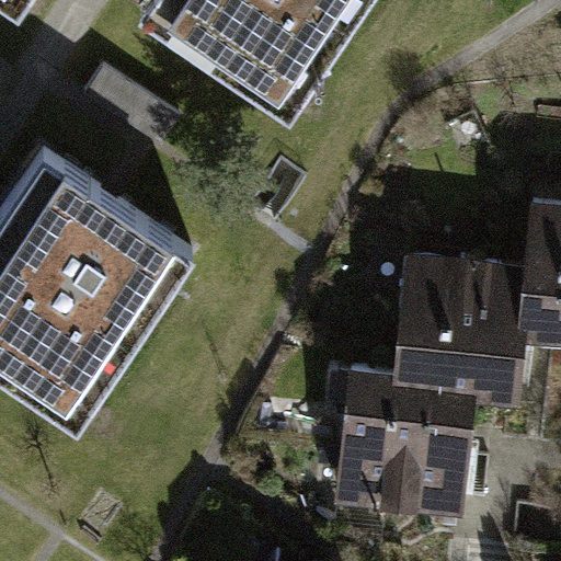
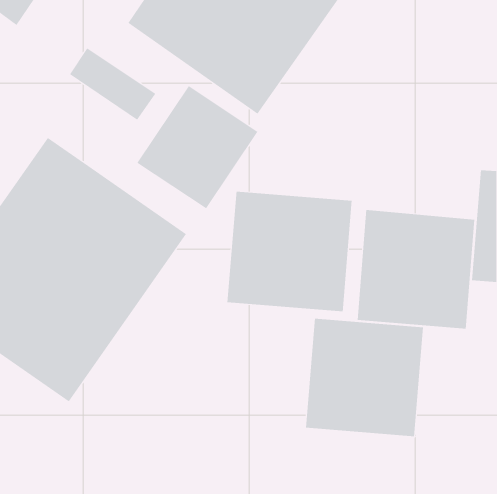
building: none -> [136,85,258,209]
building: none -> [227,191,352,312]

